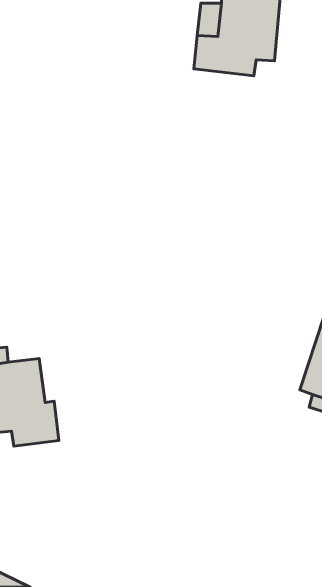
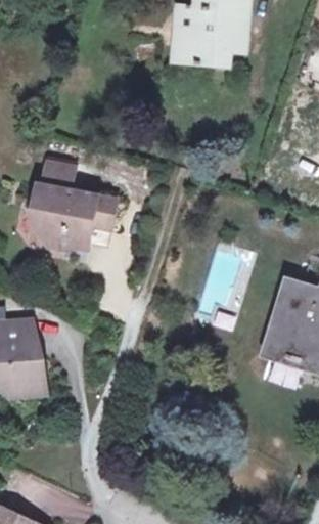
building: none -> [33,161,116,252]

